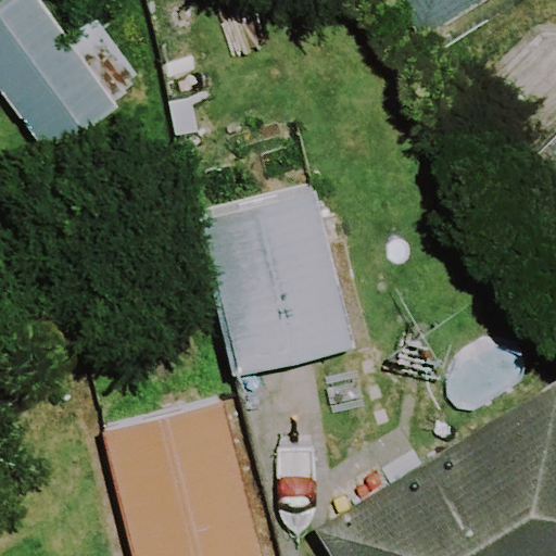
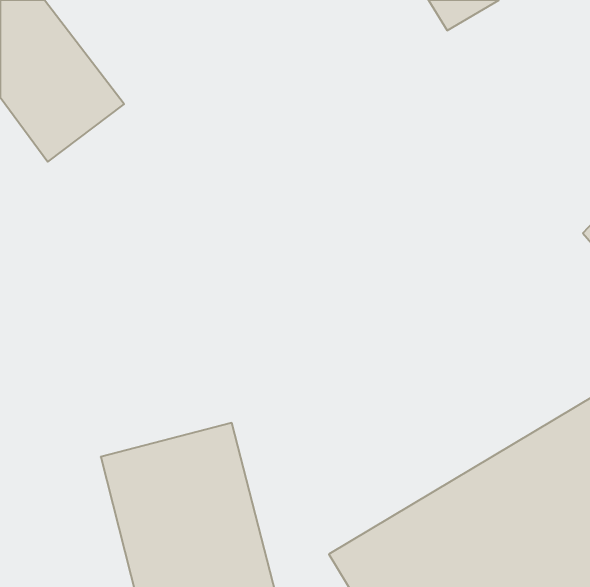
building: [194,189,358,378] -> none

